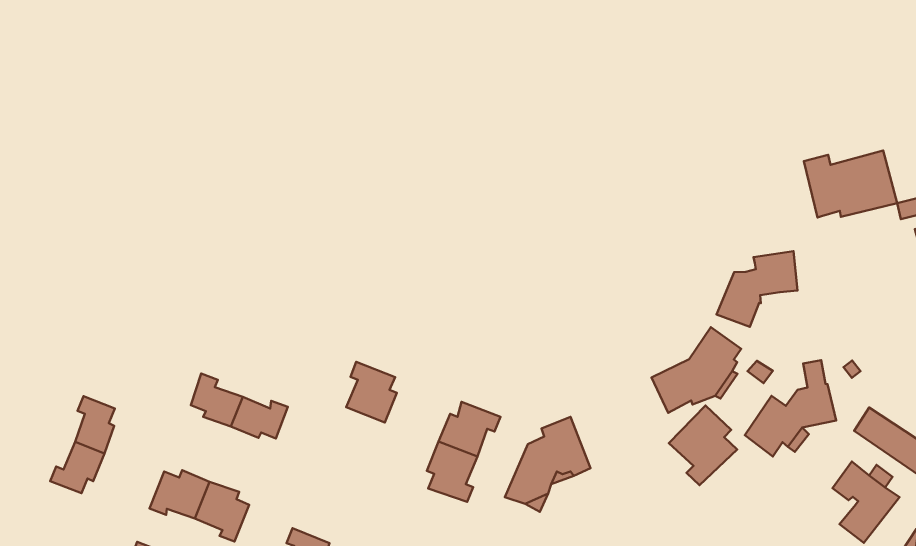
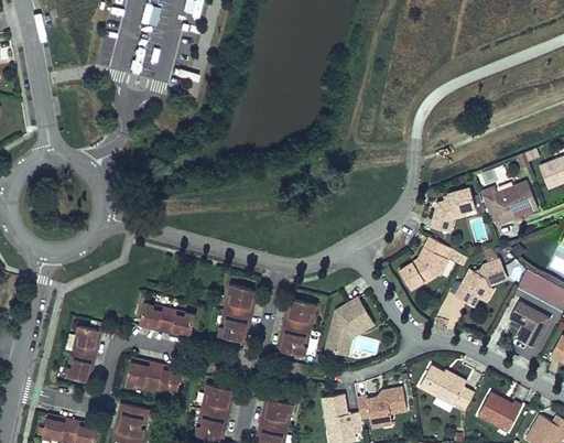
building: [804,151,897,217] -> [480,180,536,223]
building: [669,405,737,485] -> none
building: none -> [218,311,251,341]

